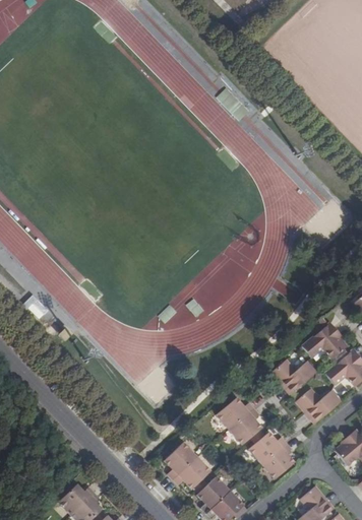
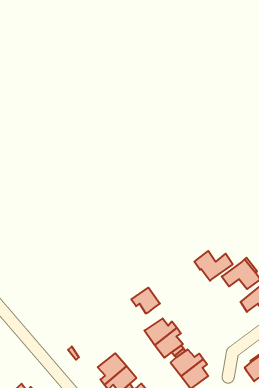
building: [272,359,316,393] -> [194,251,233,281]
building: none -> [131,288,160,314]
building: [296,388,341,421] -> none

